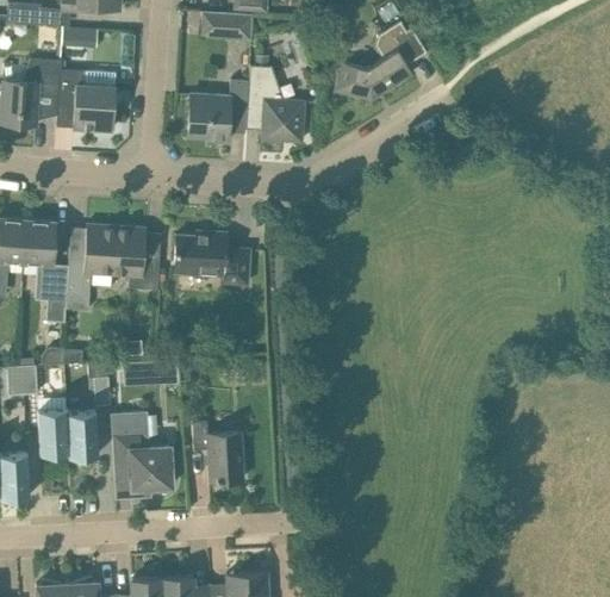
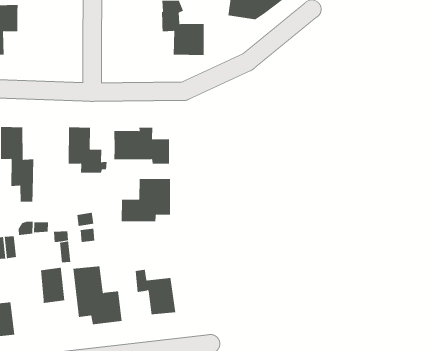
building: [57,70,114,131] -> none
building: [187,80,248,143] -> none
building: [64,224,116,311] -> none
building: none -> [121,178,170,222]
building: [37,409,68,454] -> none

